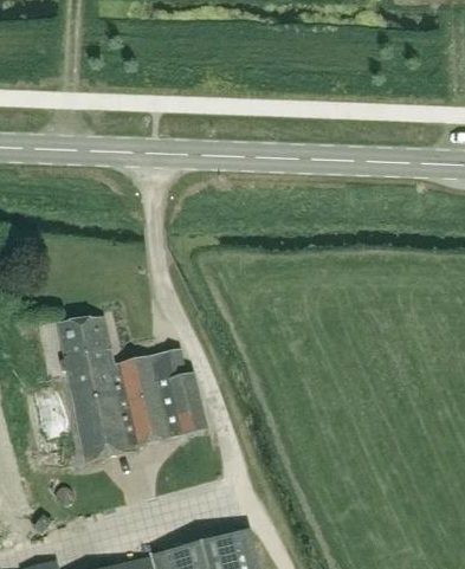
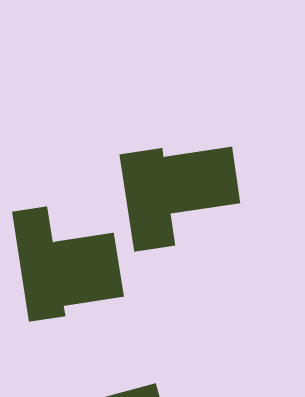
building: none -> [119,146,241,252]

